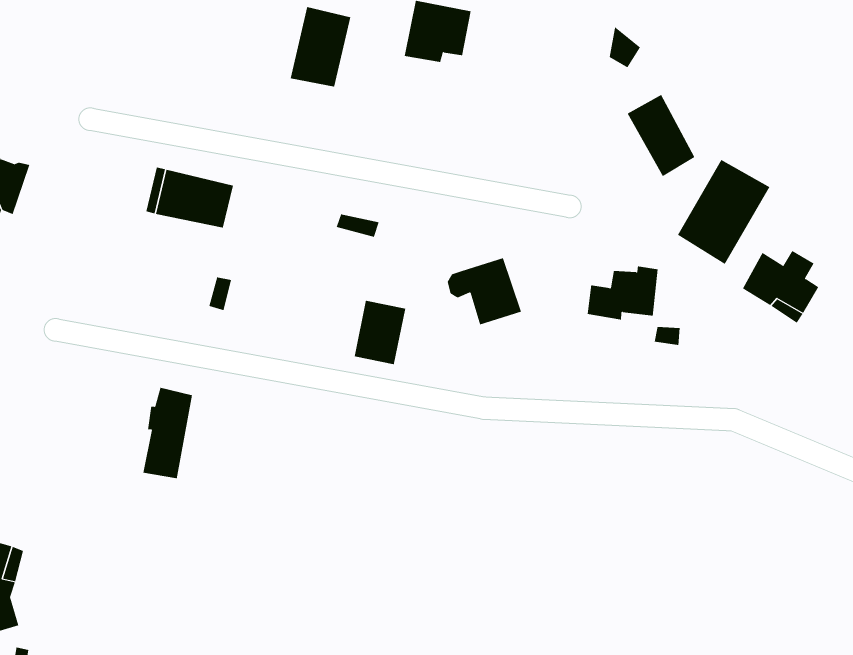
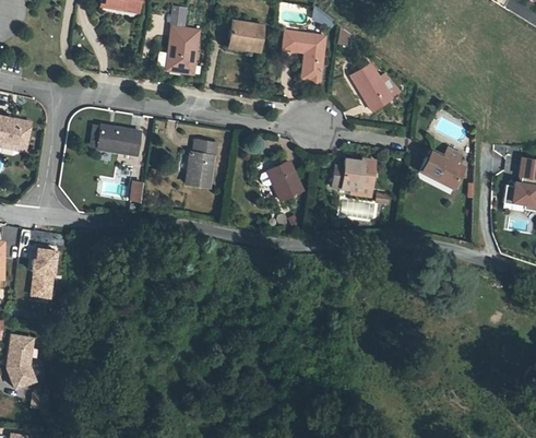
building: none -> [281,34,324,87]
building: [677,159,770,265] -> none
building: [354,300,406,365] -> [186,152,213,187]
building: [143,387,193,479] -> [31,247,56,297]

